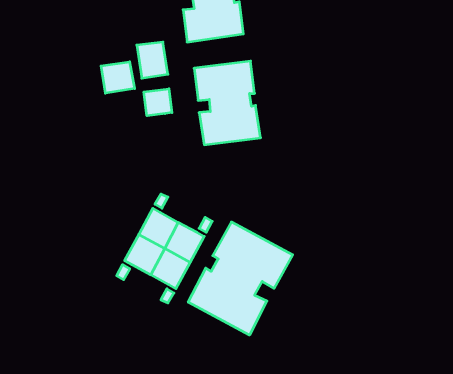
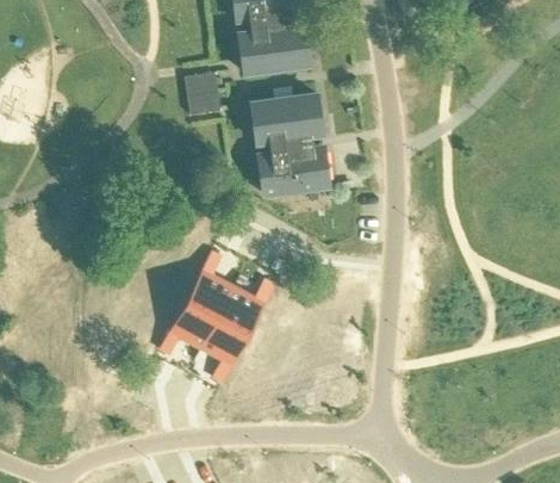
building: [101,62,135,93] -> none
building: [144,89,172,116] -> none
building: [188,222,293,335] -> none

